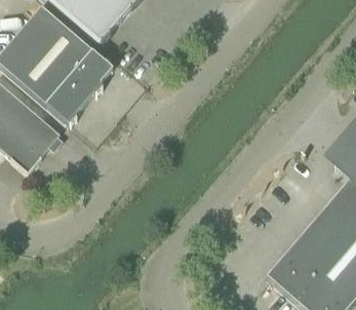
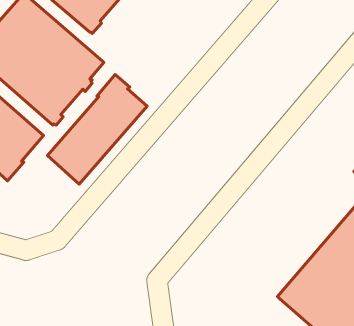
building: none -> [47,75,147,184]

